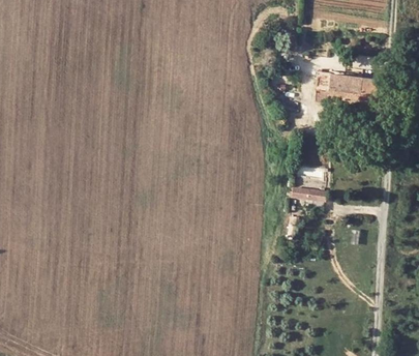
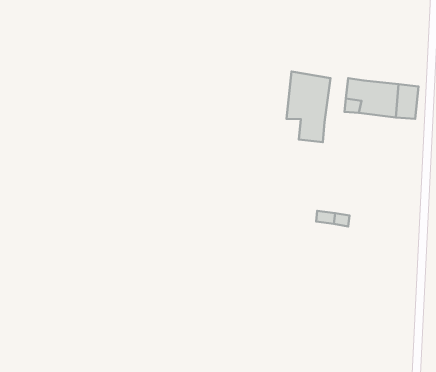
building: none -> [286,71,330,142]

